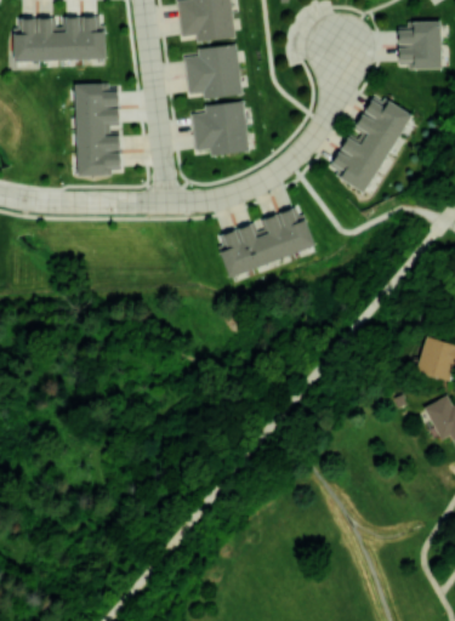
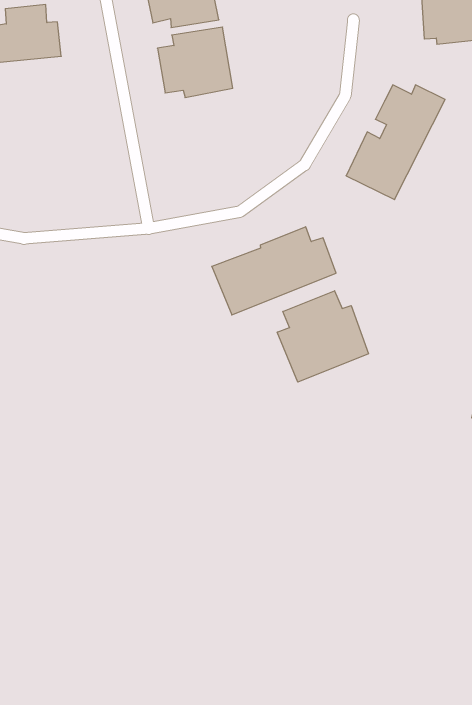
building: [75,84,120,176] -> none
building: [190,101,249,155] -> none
building: none -> [277,291,369,382]

